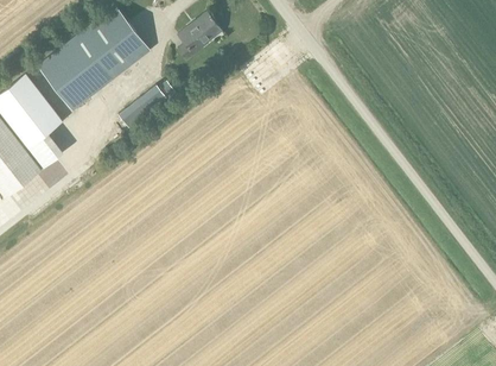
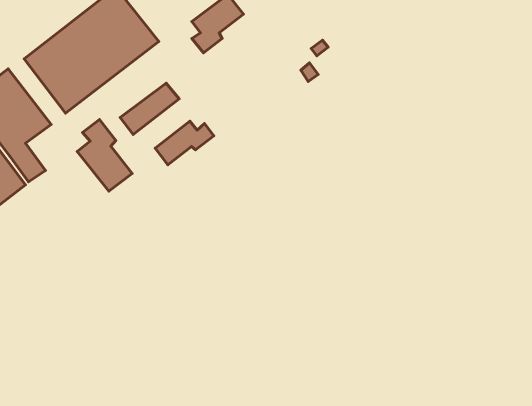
building: none -> [77,120,132,191]
building: none -> [155,121,214,165]

